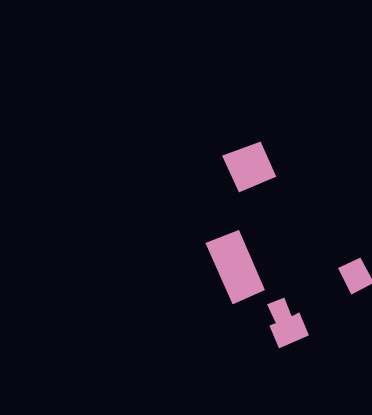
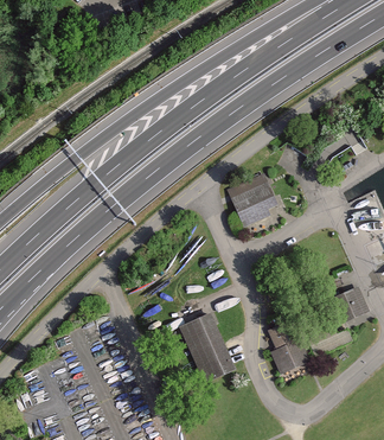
building: [205,229,266,305] -> [178,313,236,385]

